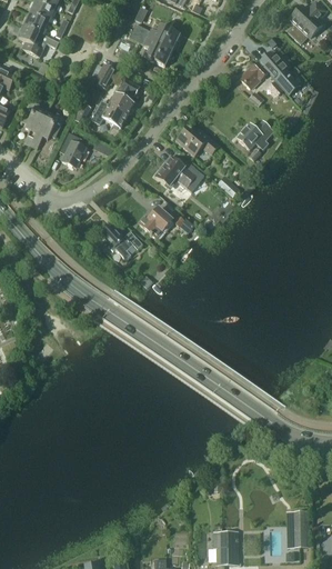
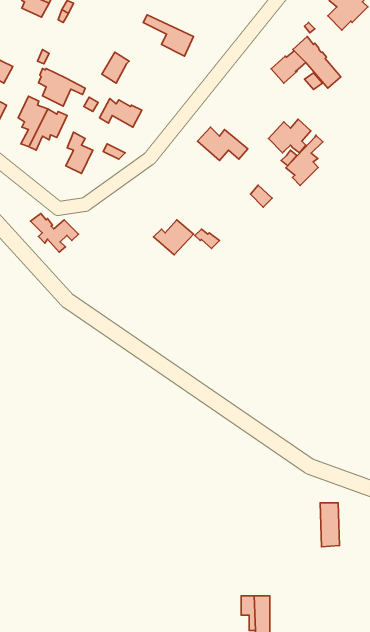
building: [132,24,180,50] -> none
building: [18,26,58,58] -> [39,69,85,106]
building: [108,78,133,113] -> none
building: none -> [286,135,323,186]
building: [155,154,204,192] -> none
building: [101,226,142,259] -> [31,213,78,252]
building: [293,510,310,548] -> [320,503,340,547]

